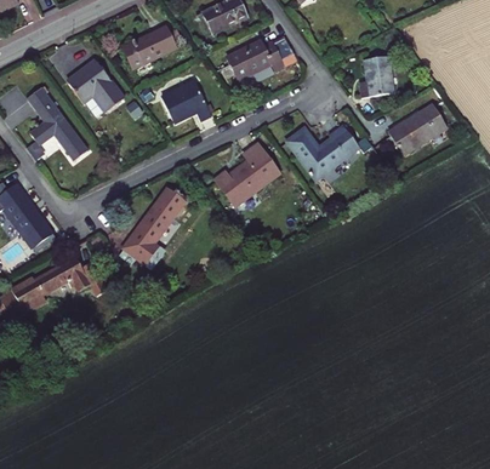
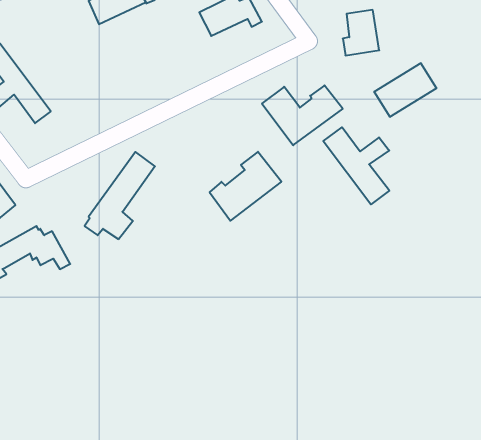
building: [67,59,123,111] -> none
building: [160,80,211,122] -> none
building: [213,142,280,206] -> [210,152,281,221]
building: none -> [323,127,389,204]

